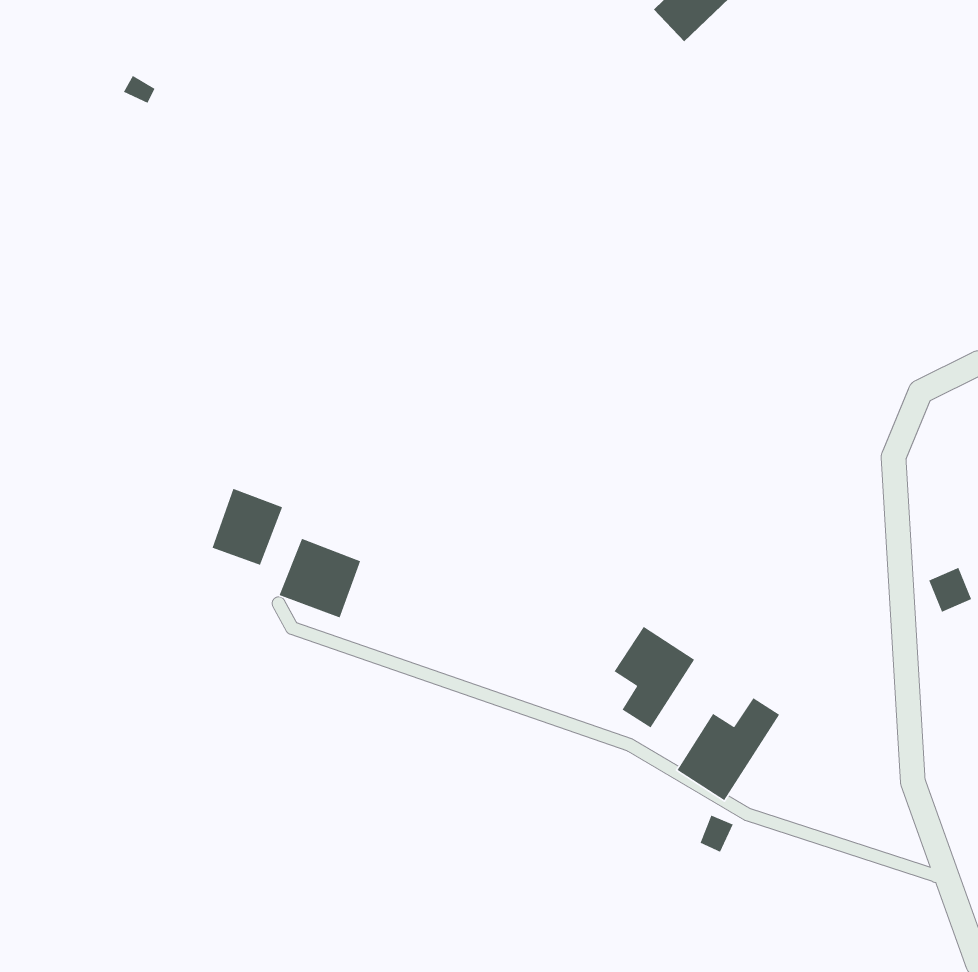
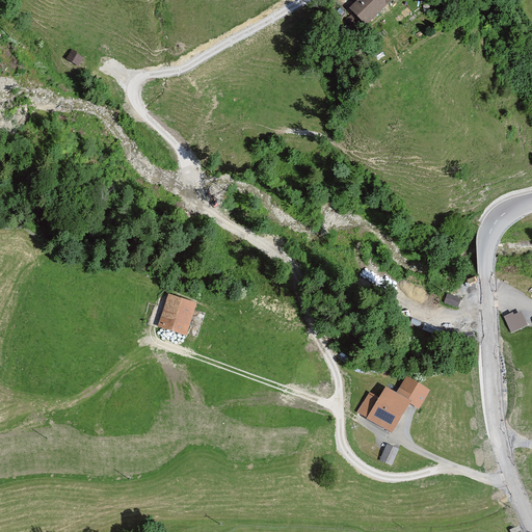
building: [211,488,283,566] -> none
building: [613,626,695,729] -> none

